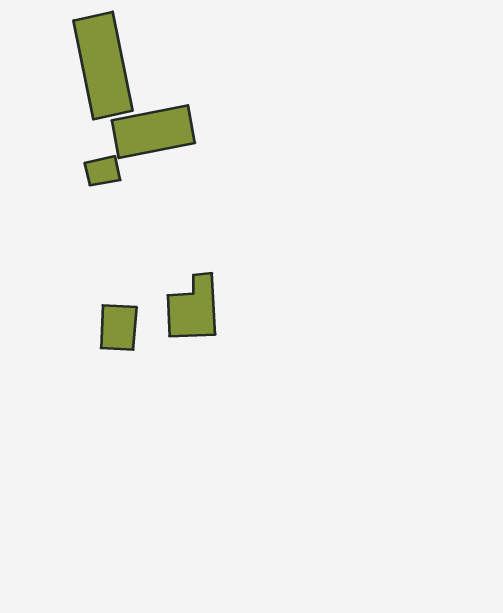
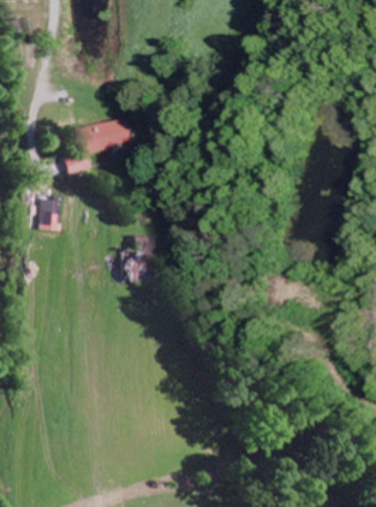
building: [74,12,132,119] -> none
building: [101,305,137,350] -> [38,198,64,229]

